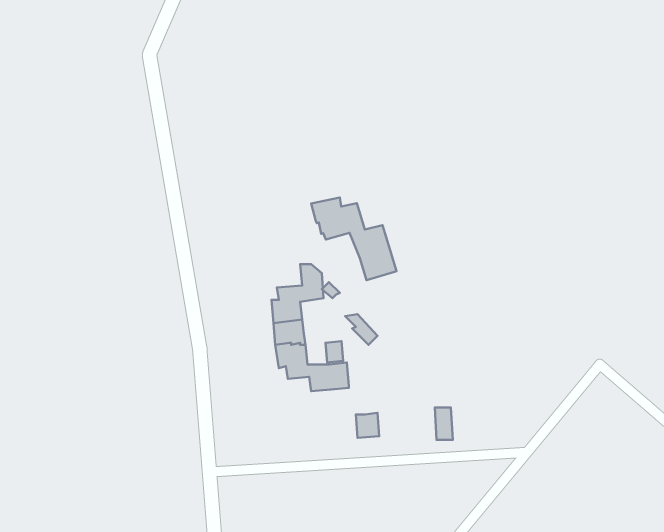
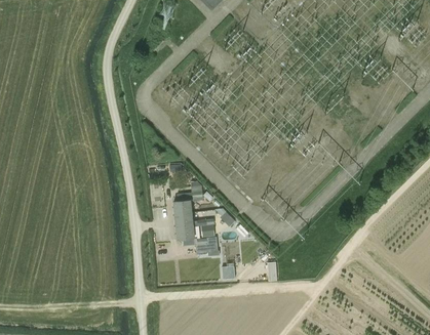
building: [311,197,396,280] -> none

